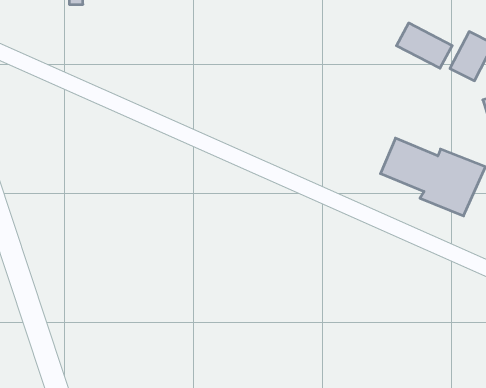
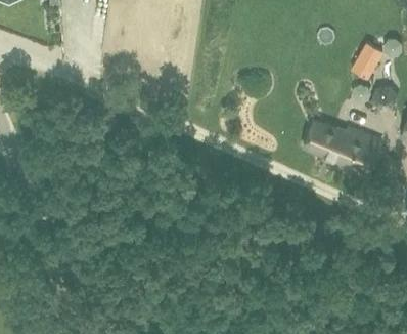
building: [396,23,452,68] -> none

